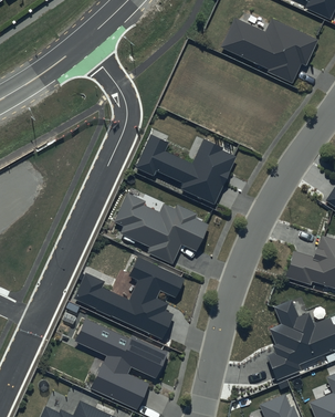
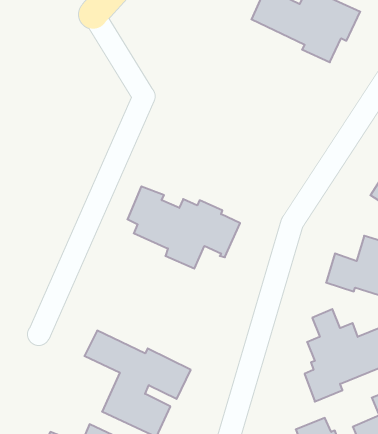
building: [136,135,237,205] -> none
building: [75,257,185,338] -> none

